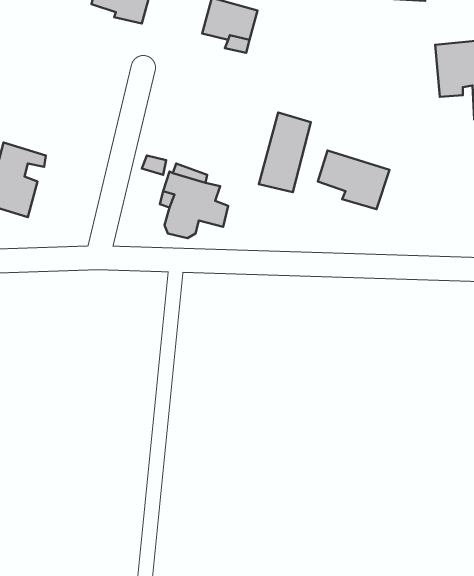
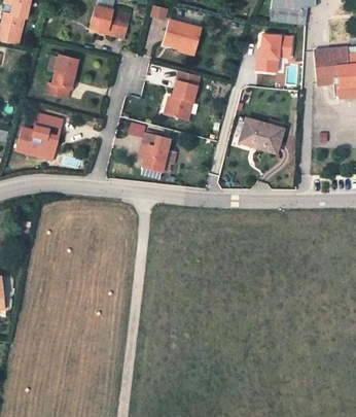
building: none -> [255,31,292,68]
building: none -> [44,56,78,99]
building: [259,112,311,192] -> [161,72,193,123]

